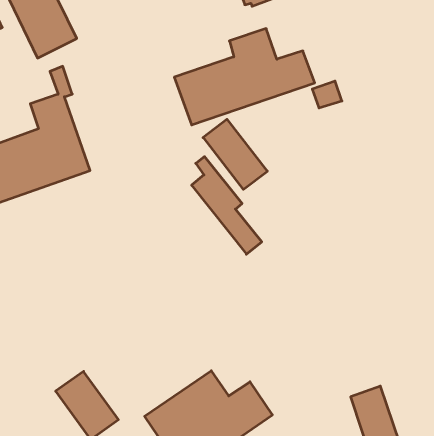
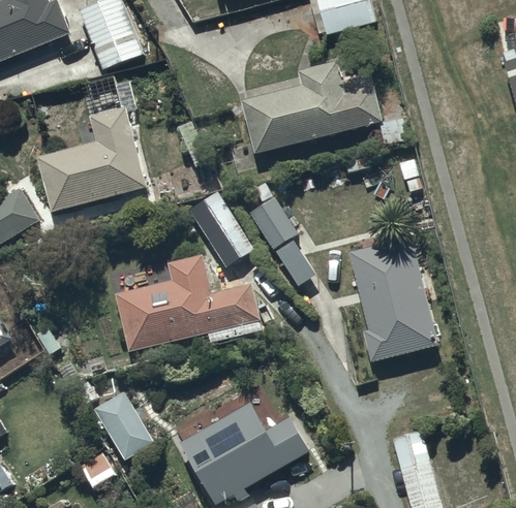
building: [203,119,267,189] -> [188,193,250,265]
building: none -> [350,234,439,360]
building: none -> [113,255,260,350]

